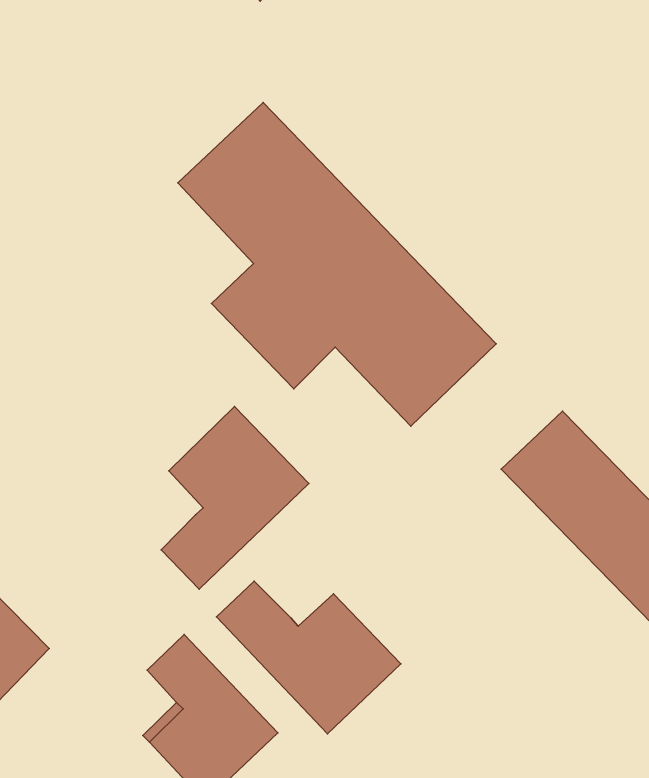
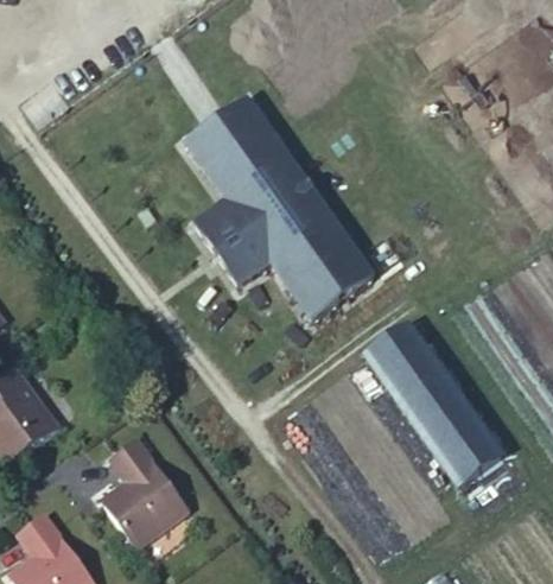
building: [161,406,309,589] -> none
building: [216,581,401,734] -> none

